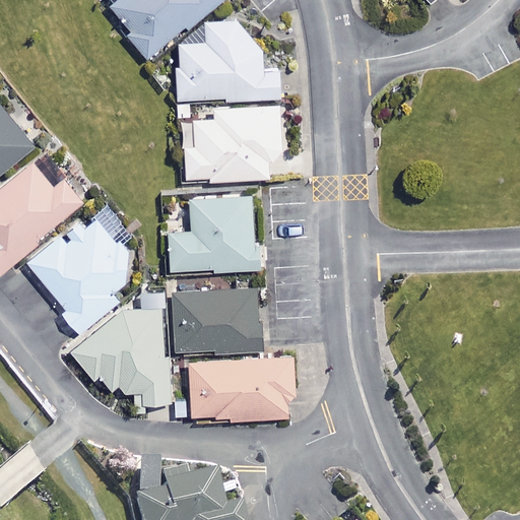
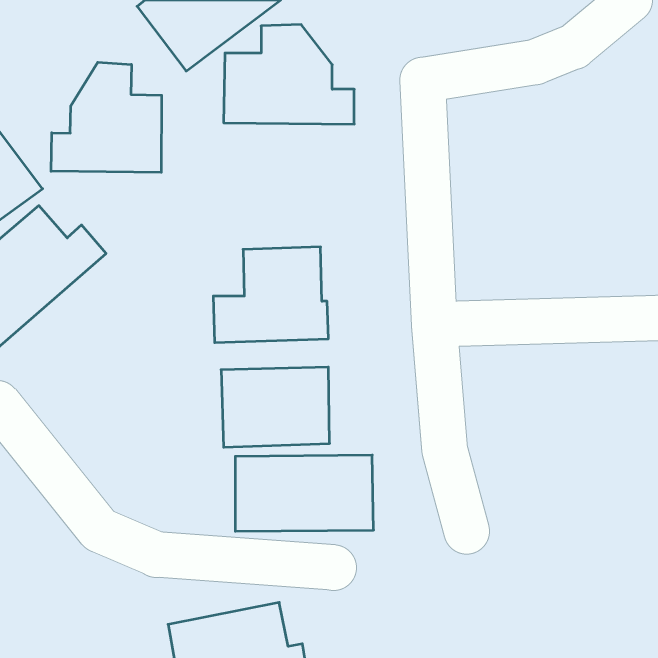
building: none -> [51,62,162,172]
building: [182,106,284,183] -> none
building: [28,216,131,329] -> none
building: [71,306,170,405] -> none

